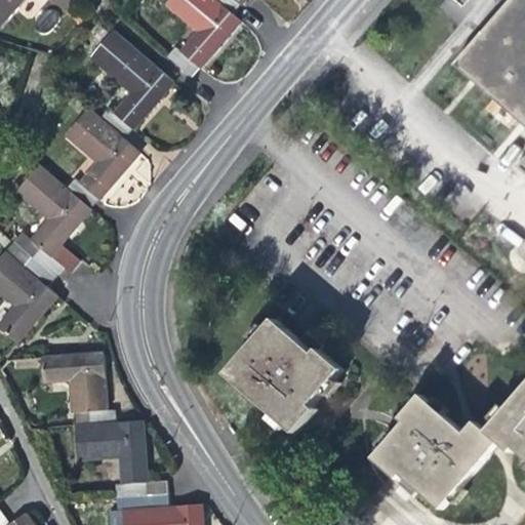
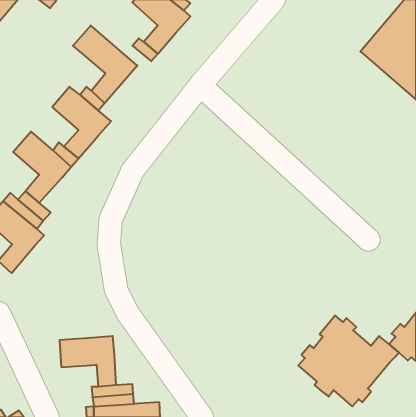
building: [228,319,344,434] -> none
building: [41,354,116,427] -> none

